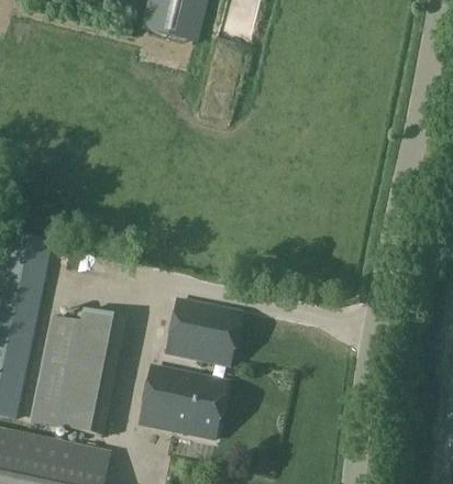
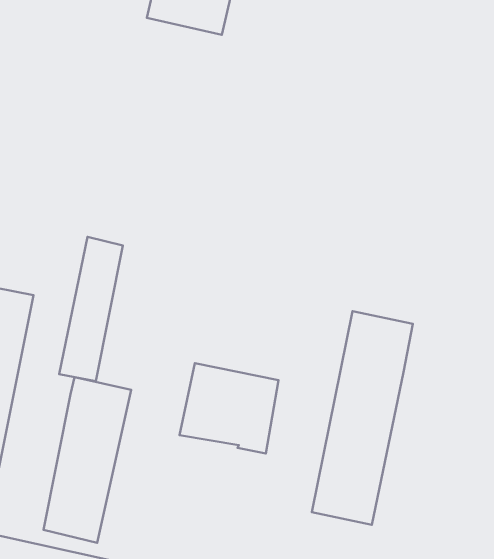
building: none -> [312,311,413,525]
building: [30,315,79,427] -> [59,237,123,381]
building: [140,365,224,437] -> none

